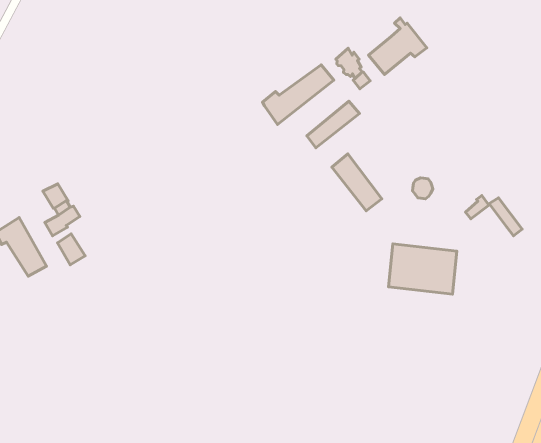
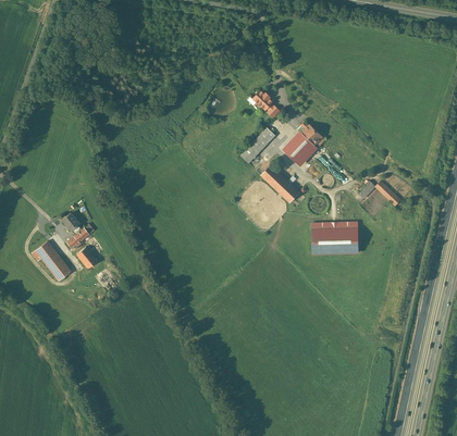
building: [368,18,427,75] -> [285,121,325,162]
building: [262,65,334,125] -> none

